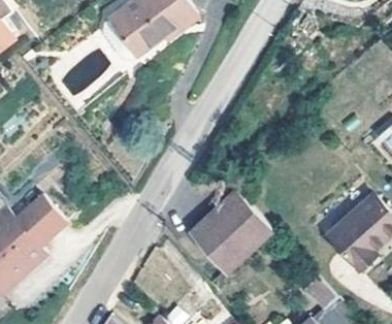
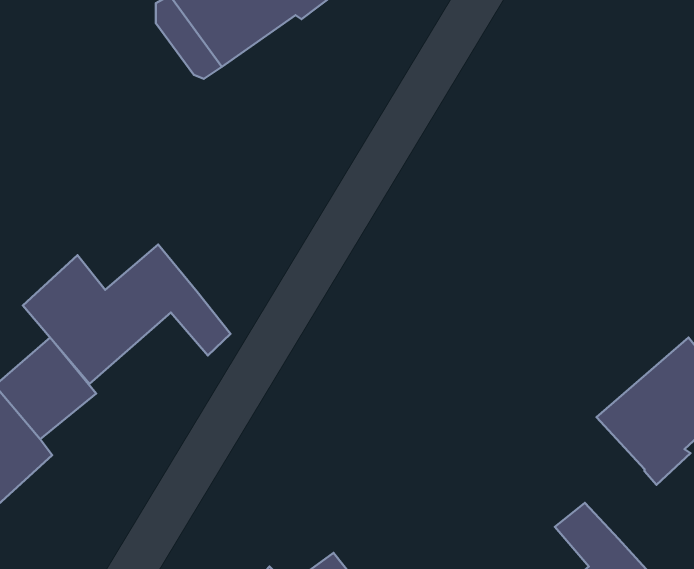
building: none -> [23,244,230,384]
building: [191,189,273,268] -> none

